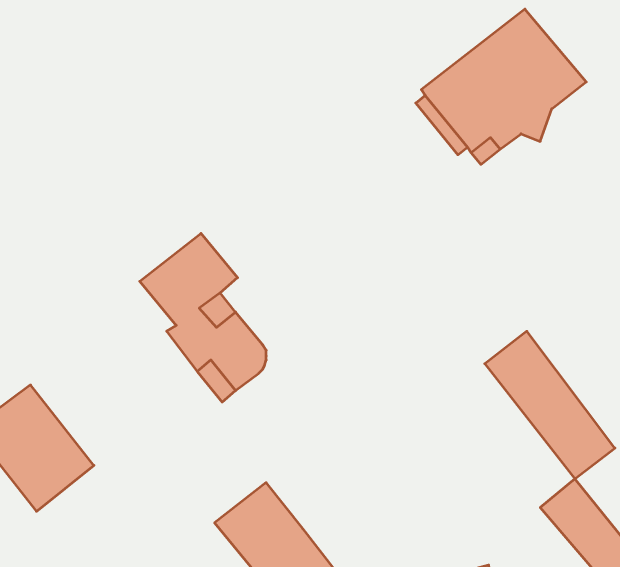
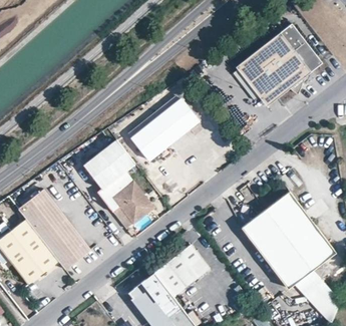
building: none -> [132,100,201,162]
building: none -> [20,190,92,270]
building: none -> [240,209,313,289]
building: none -> [152,243,208,295]

